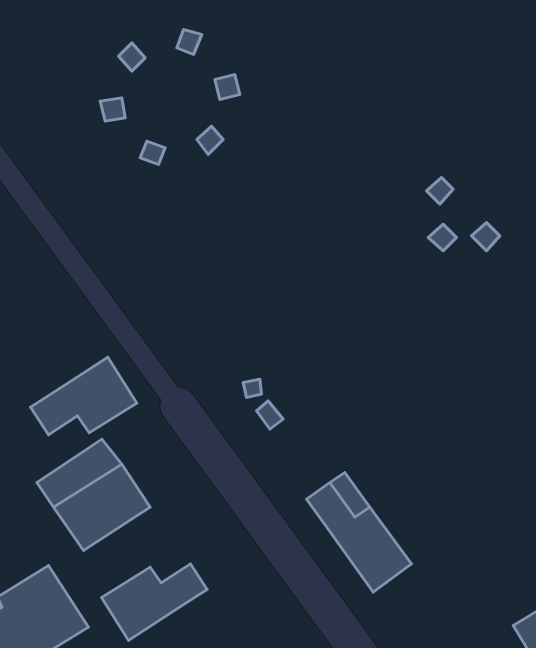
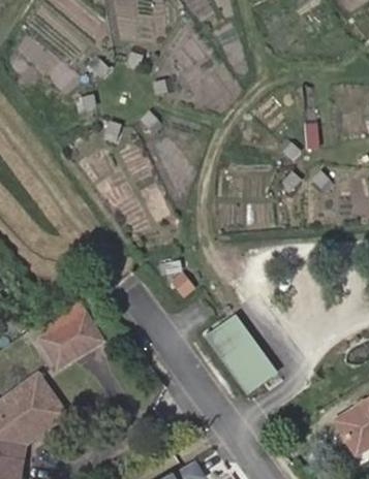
building: [31,357,137,435] -> none
building: [101,564,207,640] -> none

